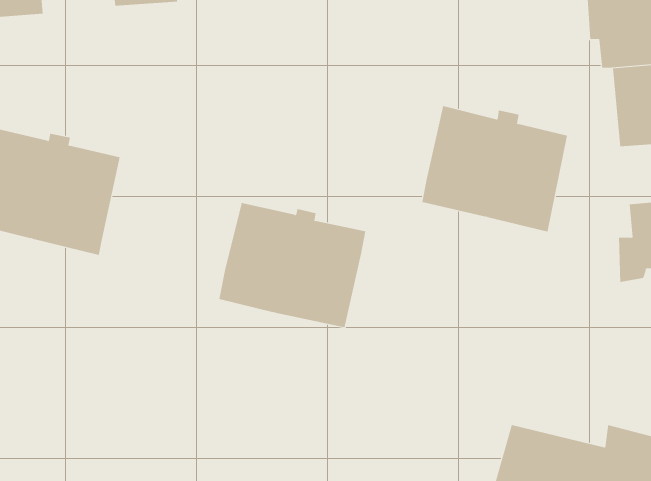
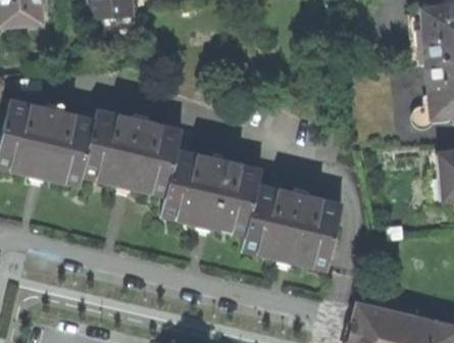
building: [421,105,568,232] -> [243,186,342,272]
building: none -> [82,111,180,196]

